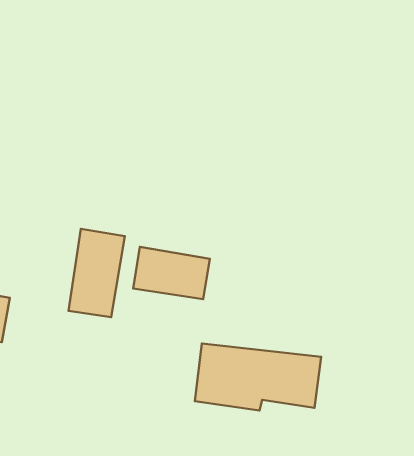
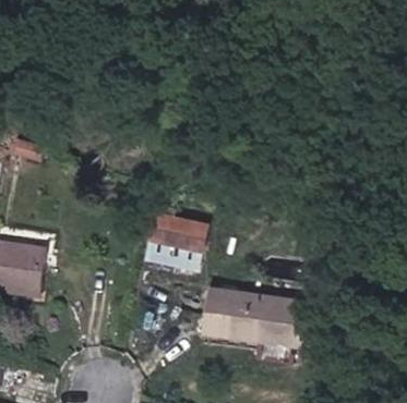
building: [69,229,125,317] -> none

